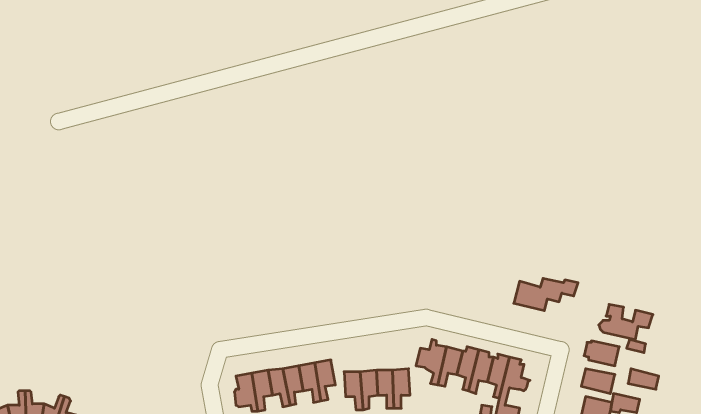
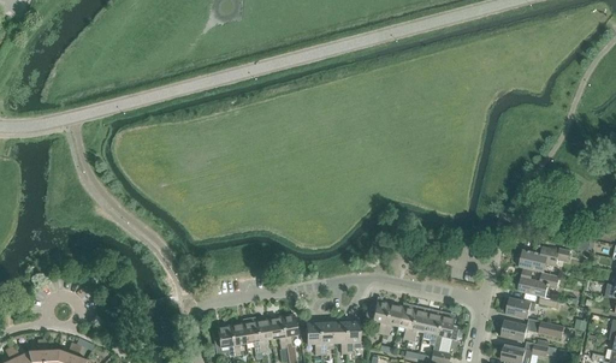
building: [514,278,578,311] -> [519,246,571,273]

